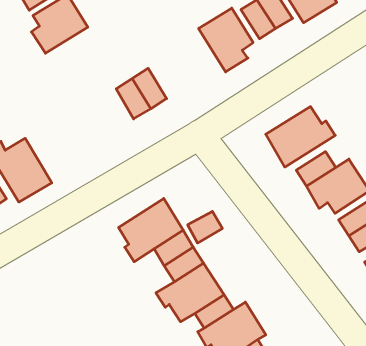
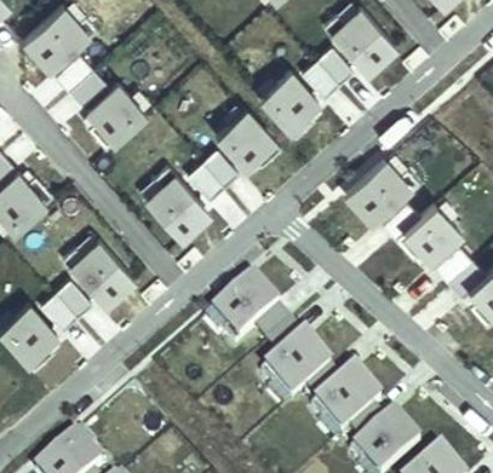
building: none -> [216,114,282,173]
building: none -> [144,169,211,243]

